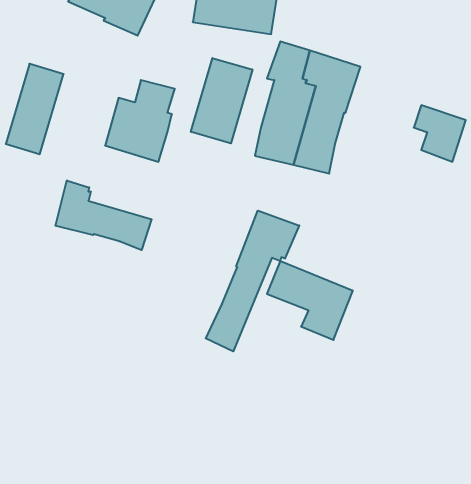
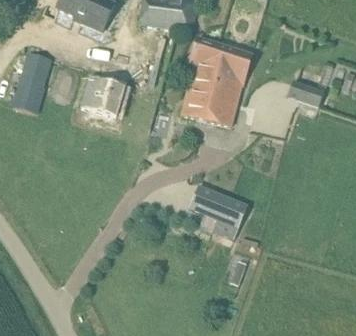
building: [191,58,252,143] -> none
building: [55,180,152,250] -> none
building: [206,211,299,351] -> none

